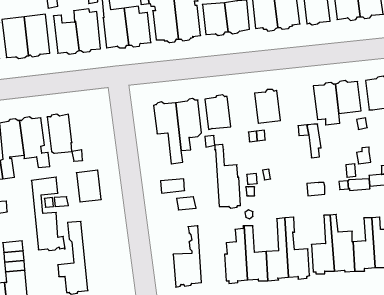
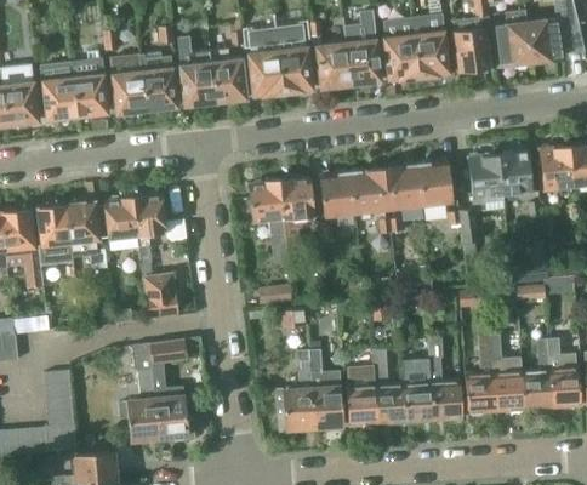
building: none -> [417,159,452,204]
building: none -> [349,166,392,212]
building: none -> [132,190,166,234]
building: [215,144,240,208] -> [308,341,343,428]
building: [31,177,65,251] -> [149,337,195,438]

